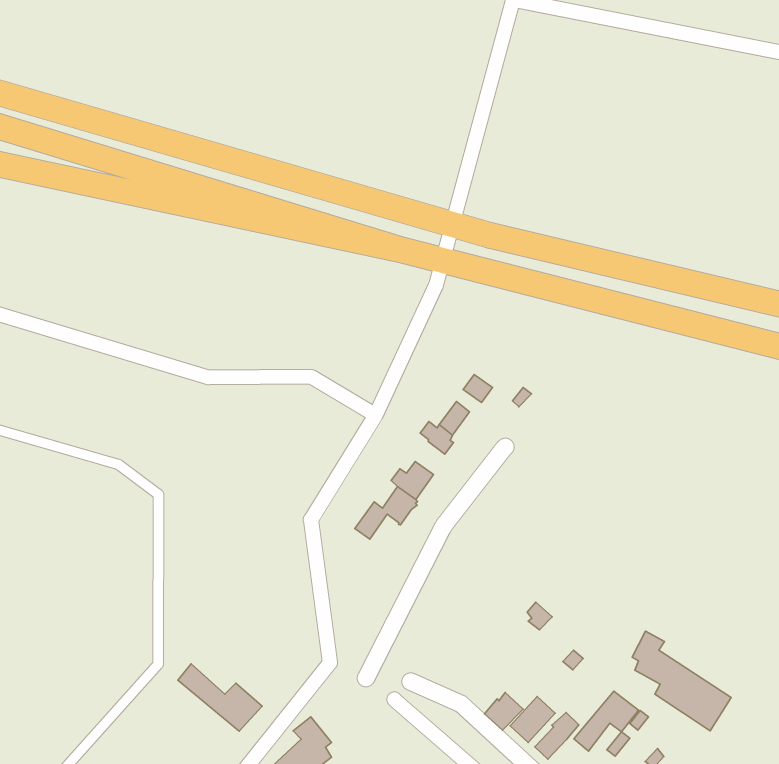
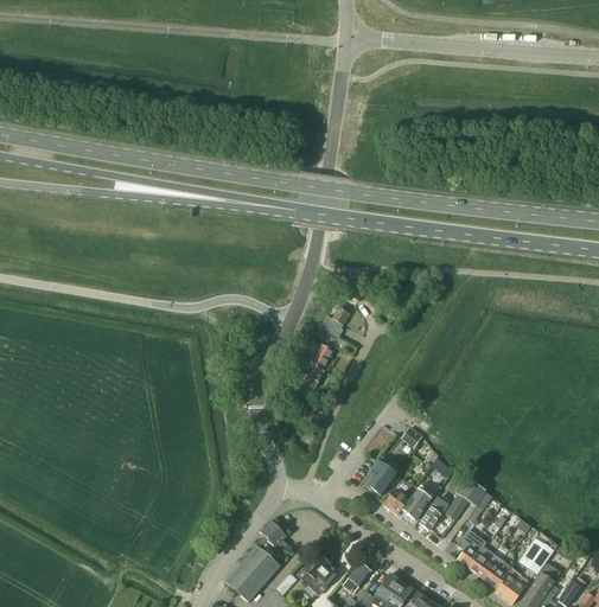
building: [632,631,731,731] -> none
building: none -> [367,464,397,496]
building: [178,664,262,731] -> none

